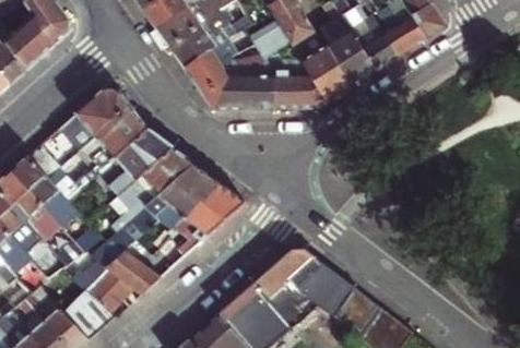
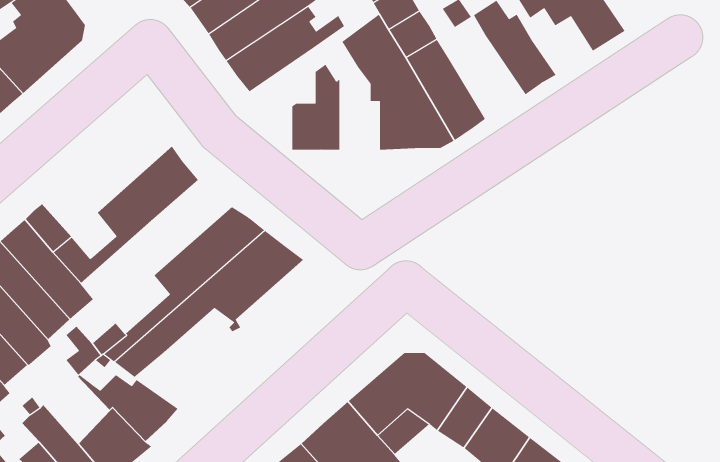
building: [378,10,422,56] -> none
building: [322,29,375,86] -> none
building: [182,37,236,108] -> none
building: [246,50,273,108] -> none
building: [56,88,129,152] -> none
building: [99,129,170,202] -> none
building: [156,184,244,268] -> none
building: [103,249,159,293] -> none

